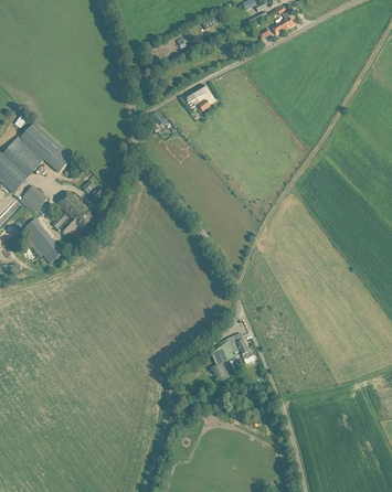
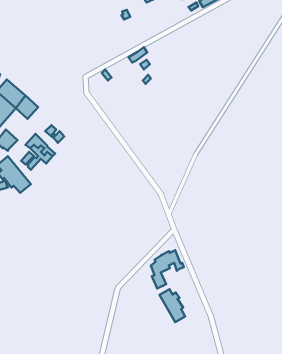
building: none -> [159,289,185,322]

